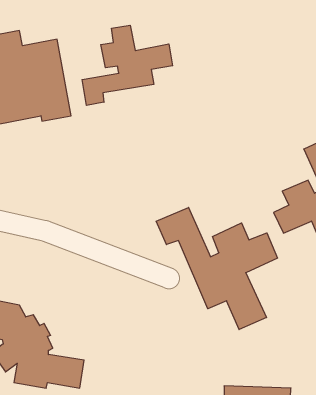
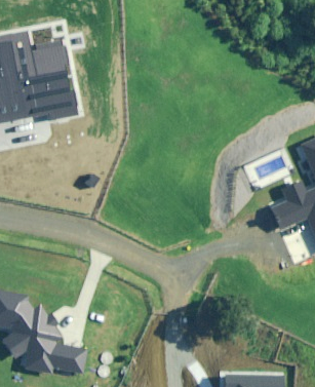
building: [82,25,173,105] -> none
building: [156,207,277,330] -> none

